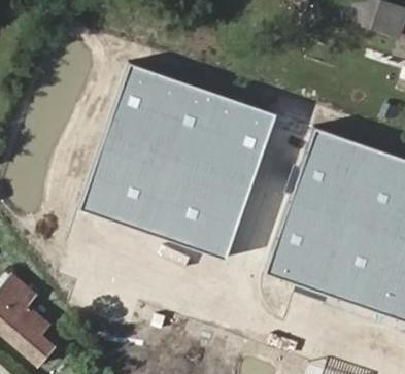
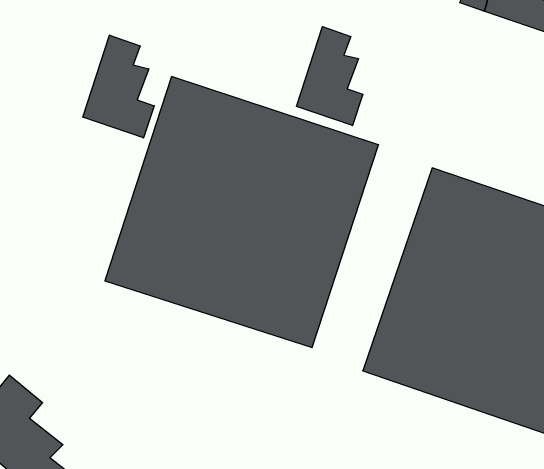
building: none -> [296,27,363,126]
building: none -> [83,35,154,138]

